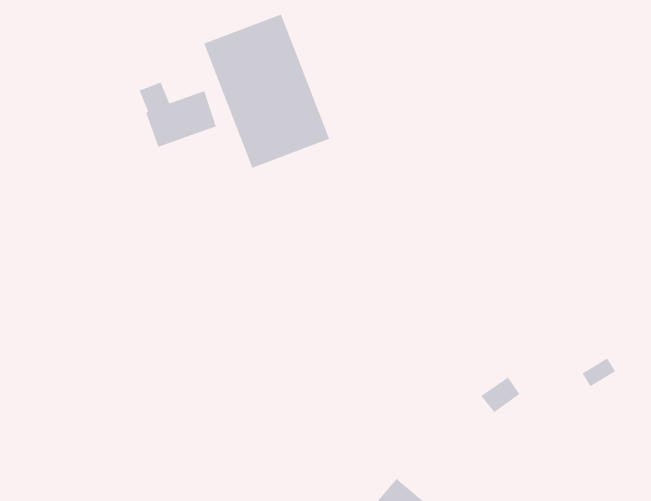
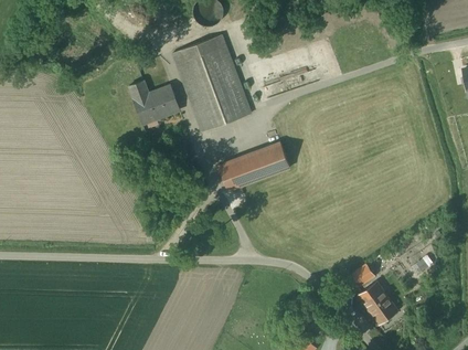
building: none -> [220,141,289,191]
building: none -> [360,280,398,321]

